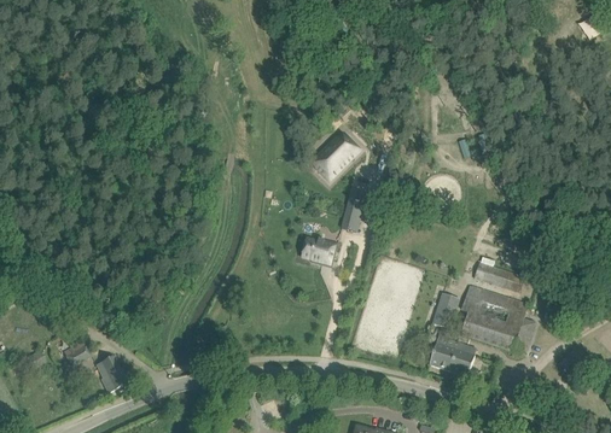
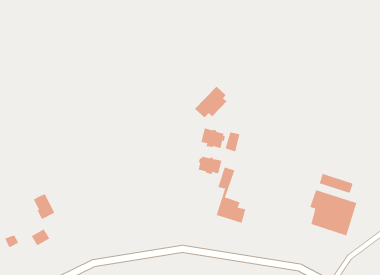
building: none -> [201,127,226,149]
building: [431,294,475,375] -> [216,167,246,224]
building: [97,355,128,392] -> [33,193,55,220]

